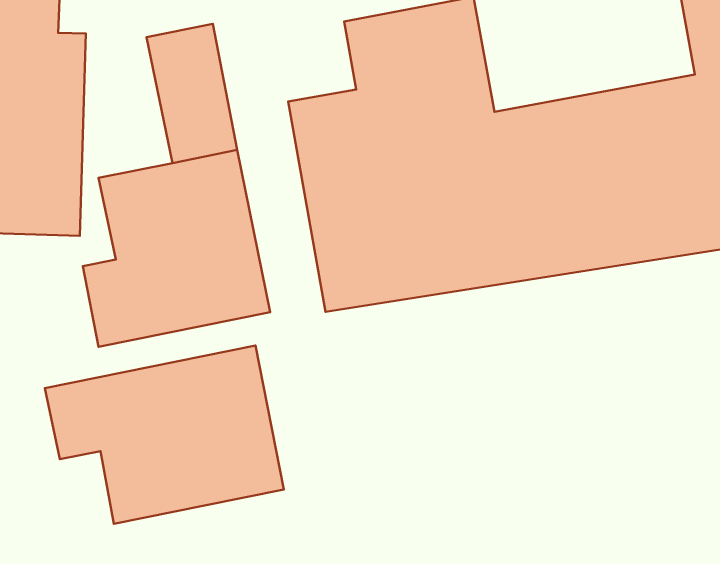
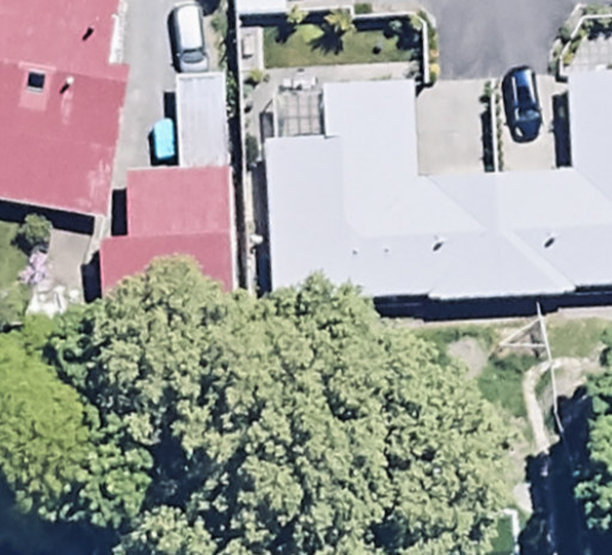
building: [45,346,284,524] -> none

